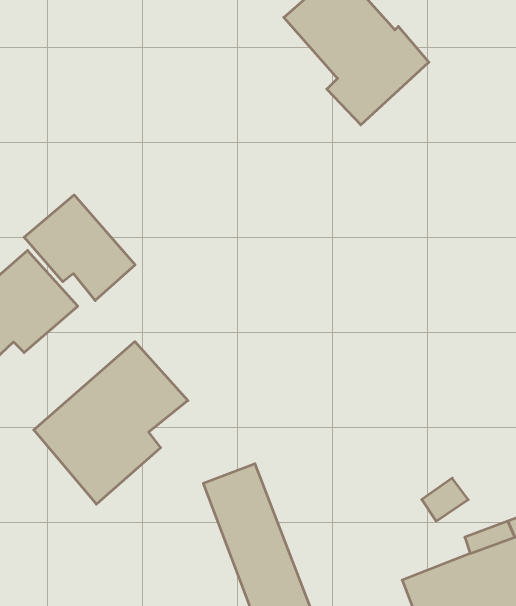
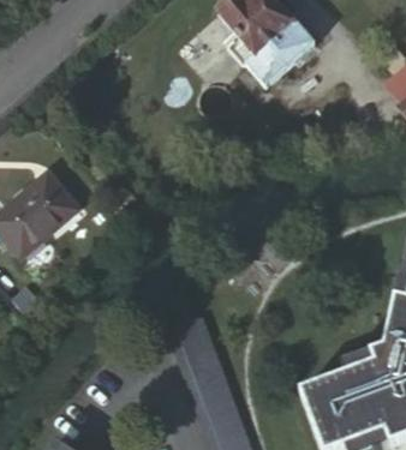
building: [24,195,135,301] -> none
building: [34,342,188,504] -> none

